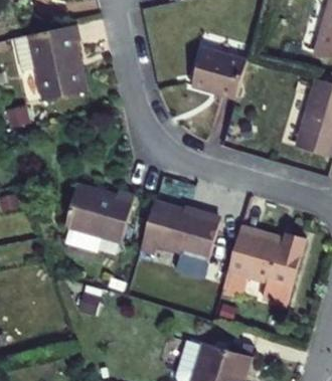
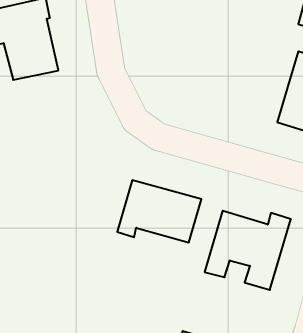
building: [188,46,246,98] -> none
building: [64,183,136,252] -> none

